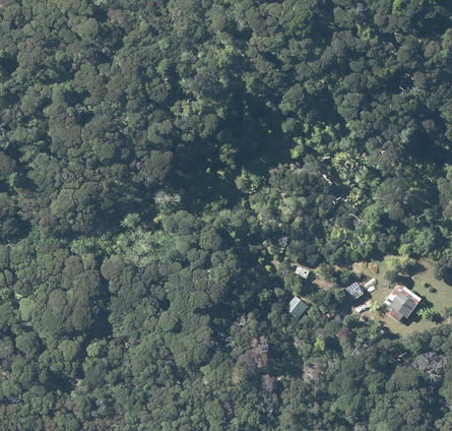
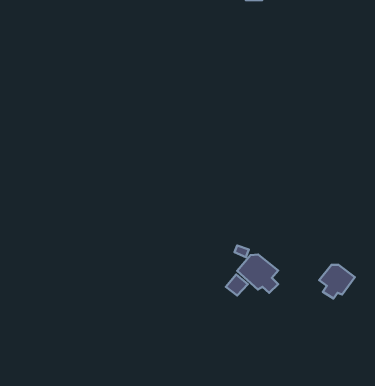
building: none -> [237,254,278,293]

